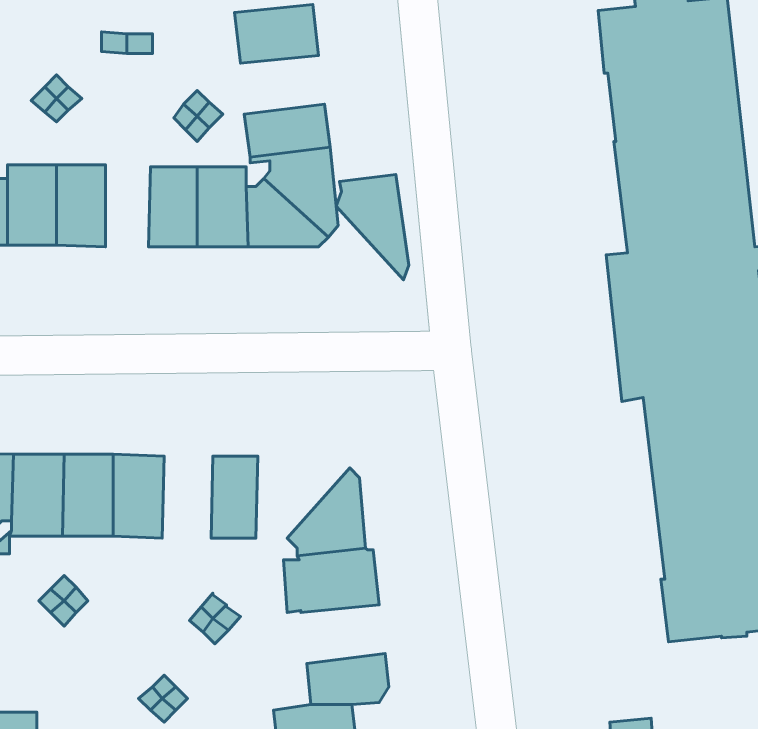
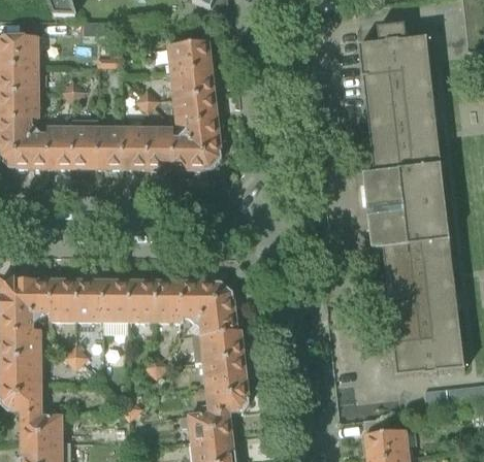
building: none -> [169,67,214,98]
building: none -> [98,125,122,168]
building: [336,175,409,280] -> none
building: none -> [128,278,155,328]
building: none -> [178,278,227,322]
building: none -> [201,357,246,388]

